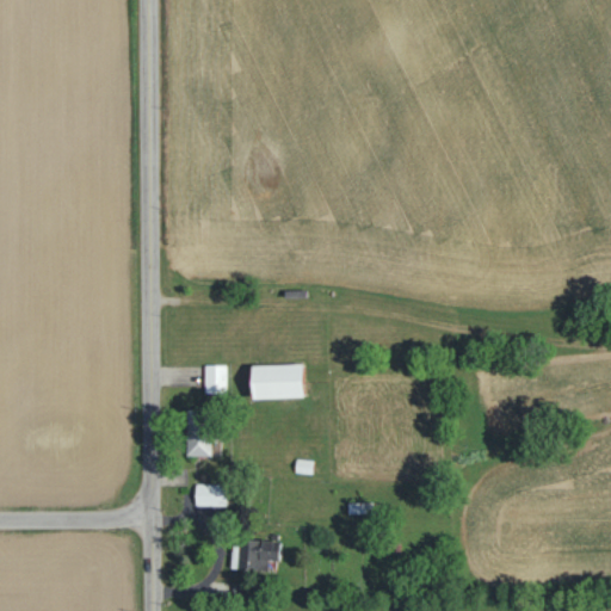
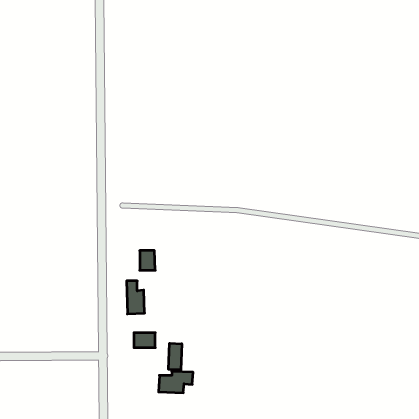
building: [252,365,306,400] -> none
building: none -> [169,343,182,370]

